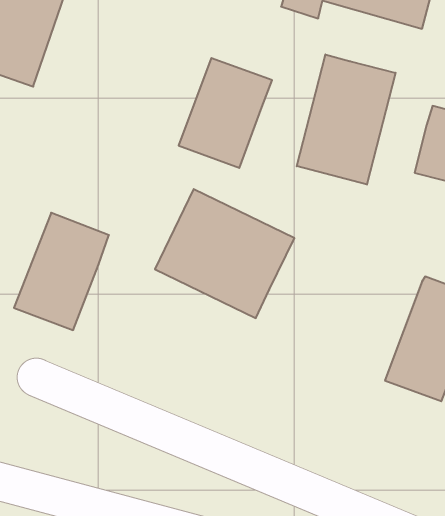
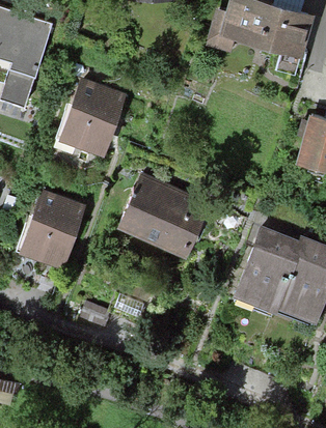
building: [297,54,396,185] -> none
building: [179,58,272,168] -> [61,82,127,159]
building: none -> [234,223,303,313]

